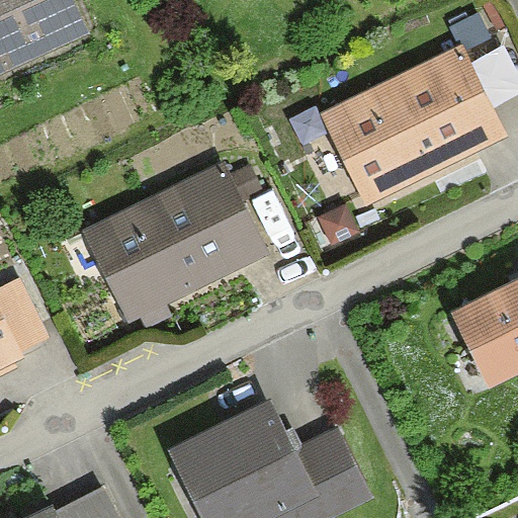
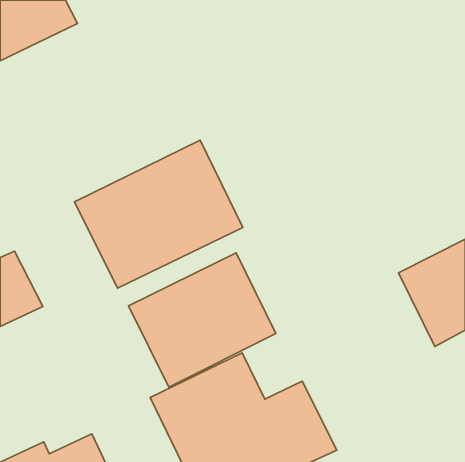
building: [320,48,505,207] -> none
building: none -> [128,253,276,387]

